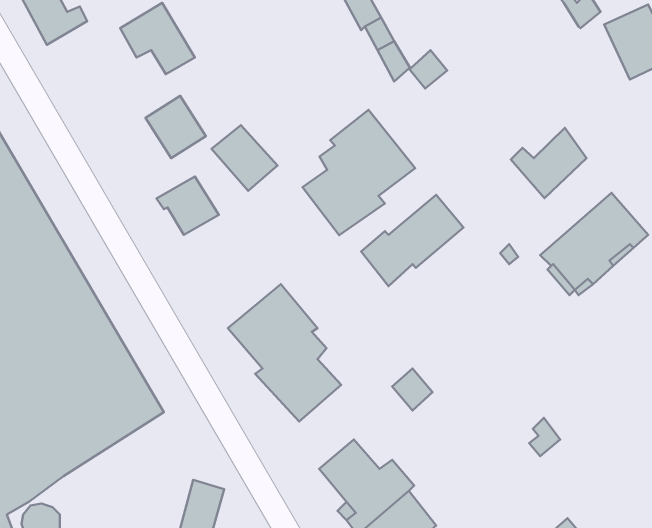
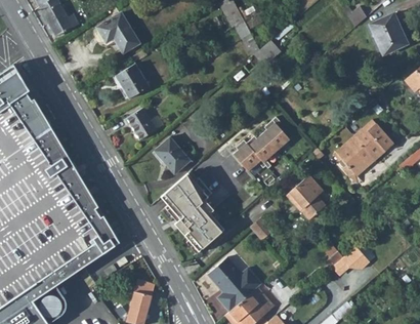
building: [302,110,415,235] -> none
building: [212,125,277,191] -> [153,137,190,174]
building: [511,128,586,198] -> none
building: none -> [286,175,325,219]
building: none -> [333,247,370,274]

